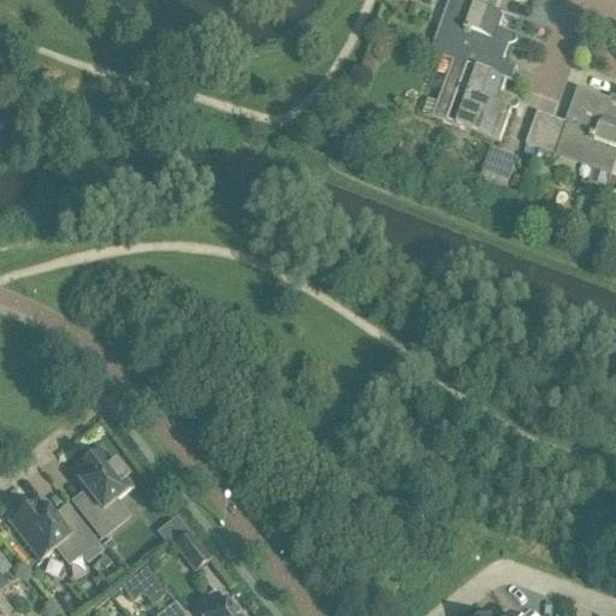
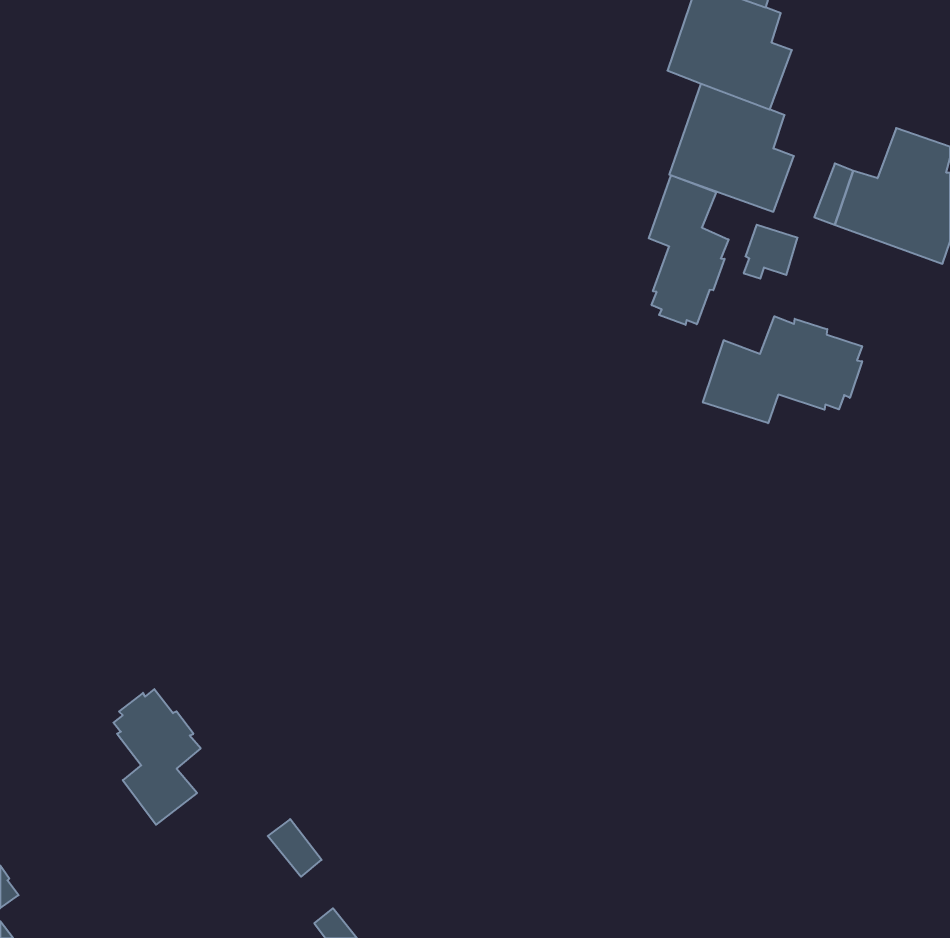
building: none -> [649,175,729,325]
building: none -> [703,316,862,423]
building: [10,498,100,561] -> none

